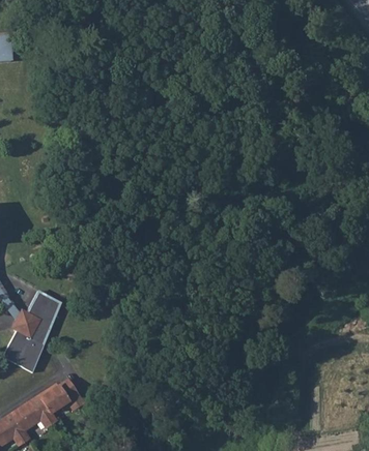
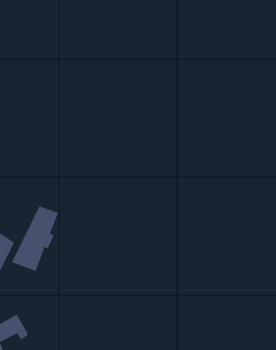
building: none -> [11,206,59,272]

